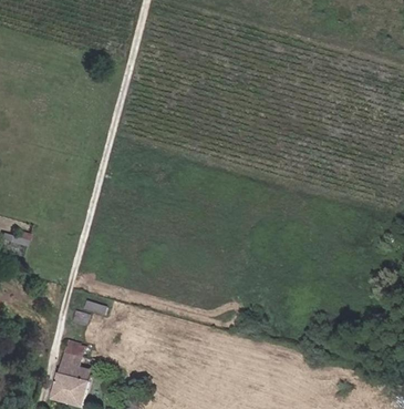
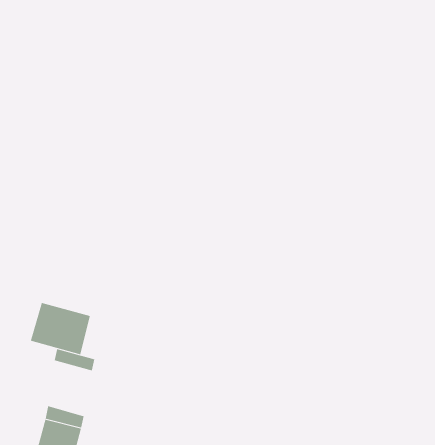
building: none -> [30,302,91,355]

